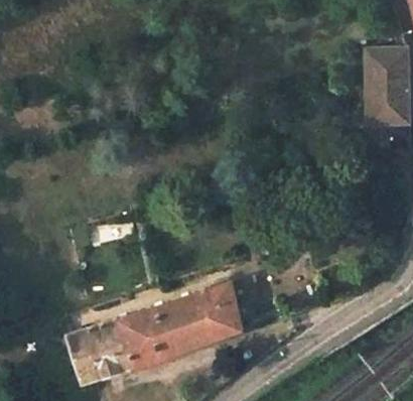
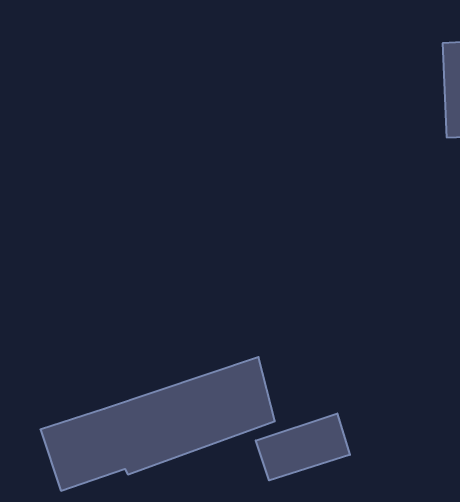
building: none -> [256,413,350,480]

